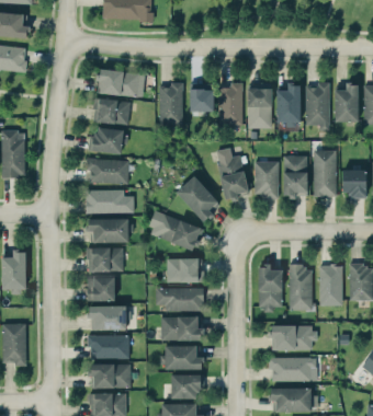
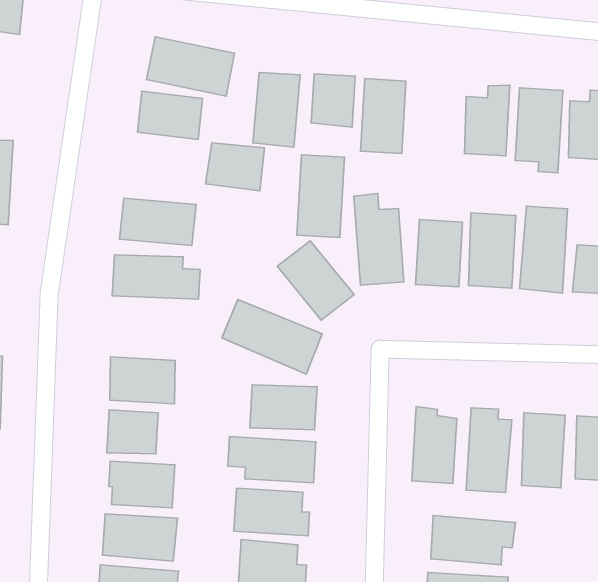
building: [247,83,271,128] -> [297,155,345,238]
building: [92,128,124,153] -> [205,143,264,191]
building: [87,218,127,243] -> none

